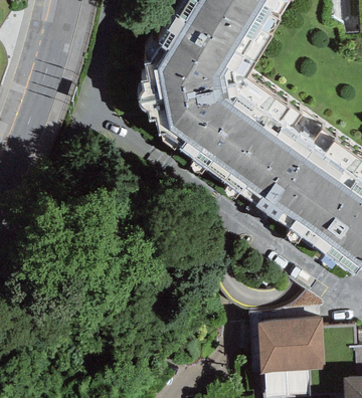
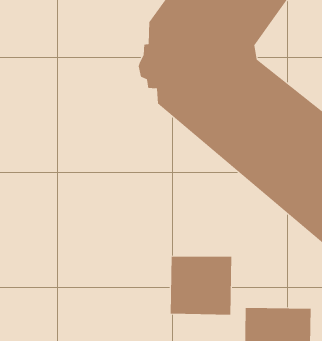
building: none -> [170,256,232,316]

